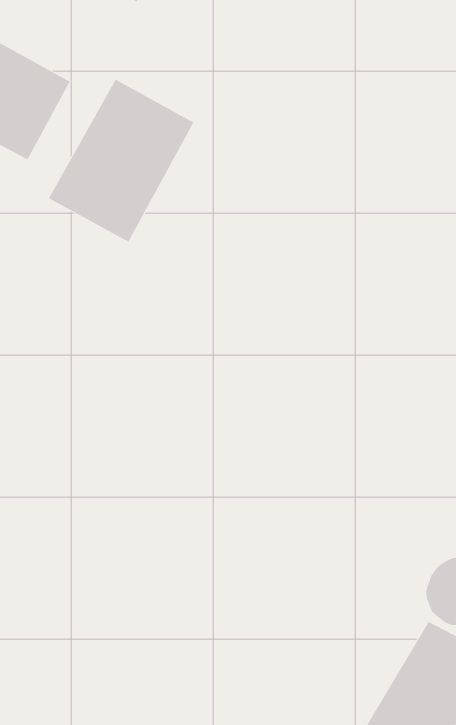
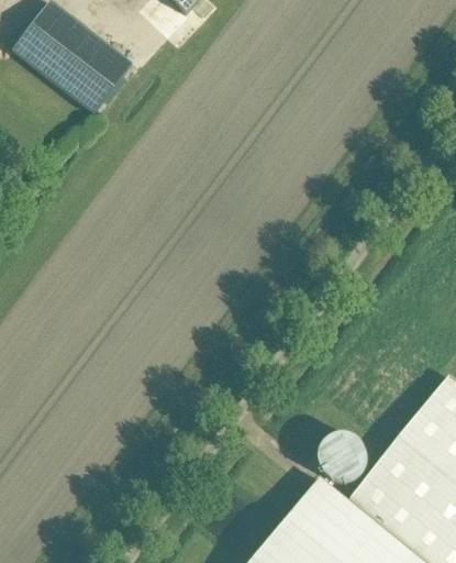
building: [48,79,194,243] -> none

